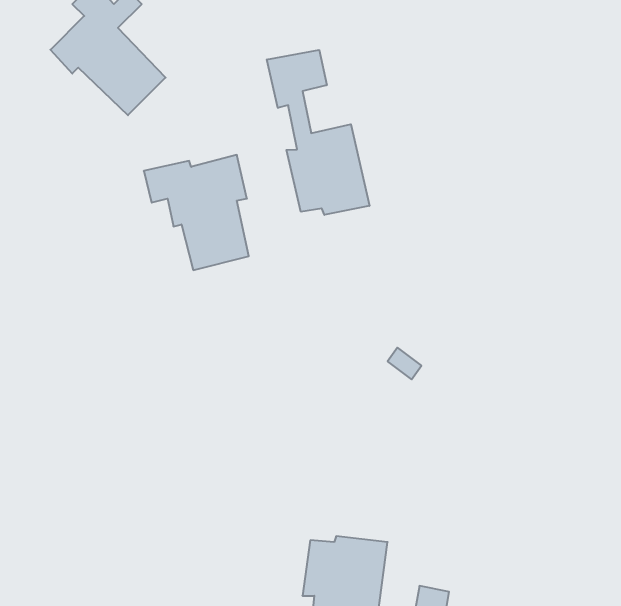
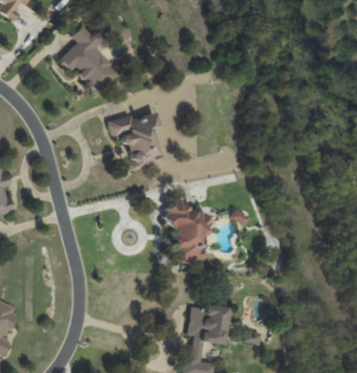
building: [267,50,369,215] -> none
building: none -> [164,198,210,263]

